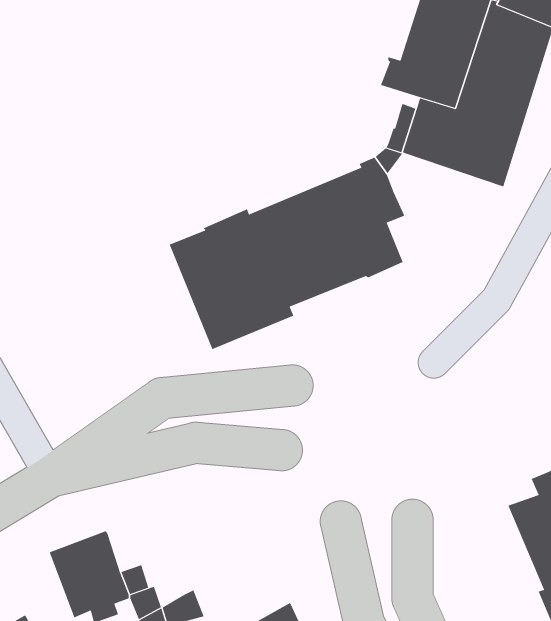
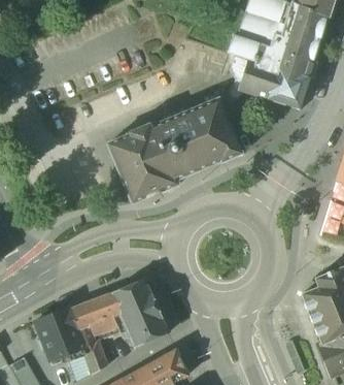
building: none -> [71,279,169,346]

